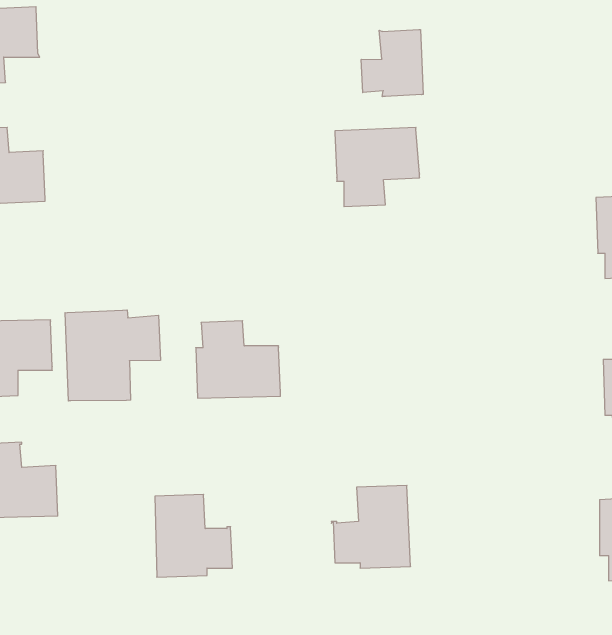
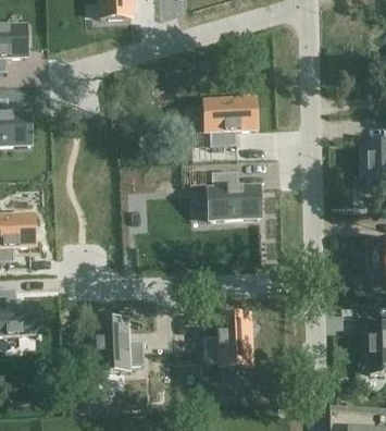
building: [361,30,423,97] -> none
building: [65,310,160,401] -> none
building: [196,321,280,398] -> [208,170,259,217]

